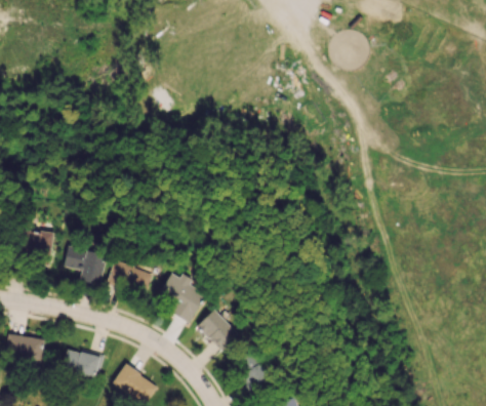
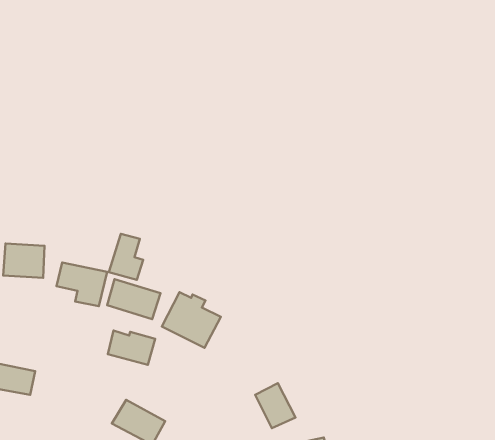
building: none -> [109,234,143,280]
building: [197,310,239,351] -> none
building: [63,349,104,378] -> [108,331,155,365]

